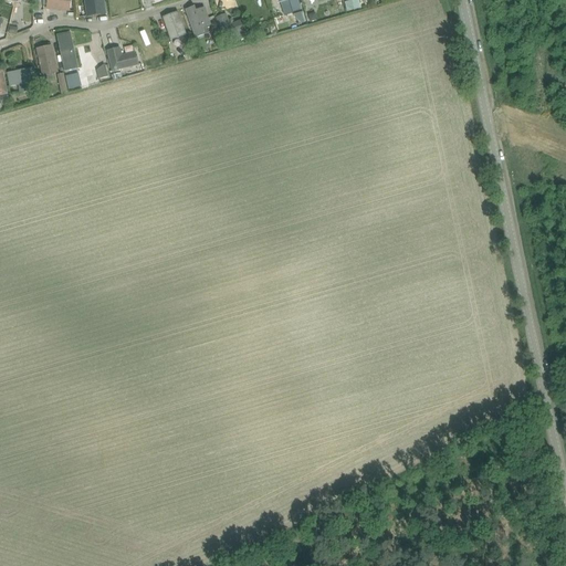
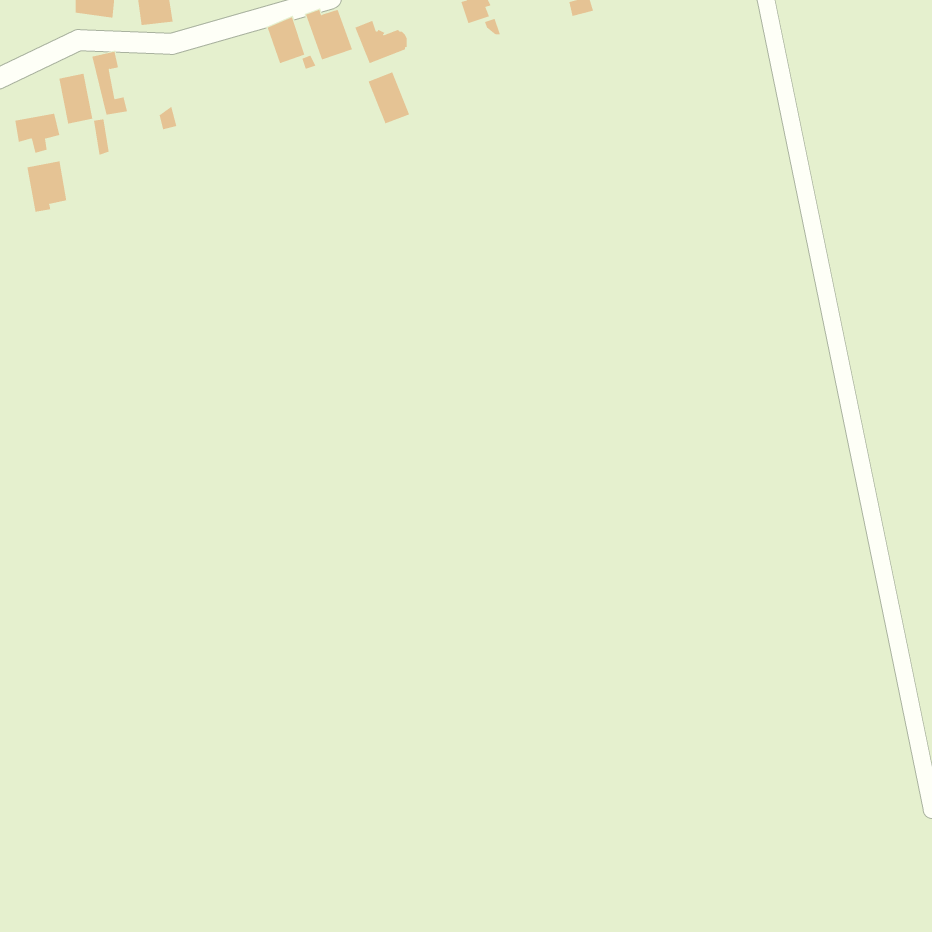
building: none -> [368,72,410,124]
building: [106,46,138,71] -> none
building: none -> [27,161,67,212]

